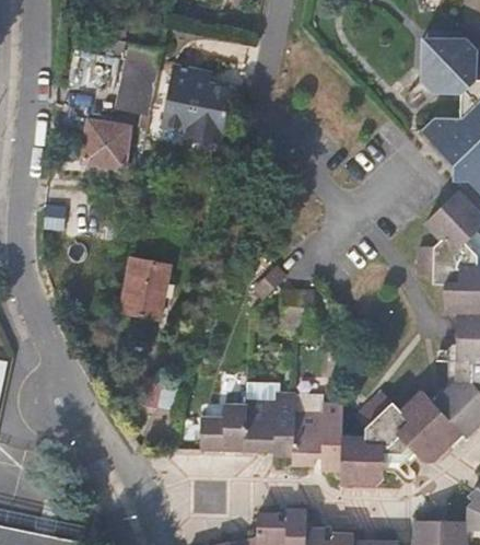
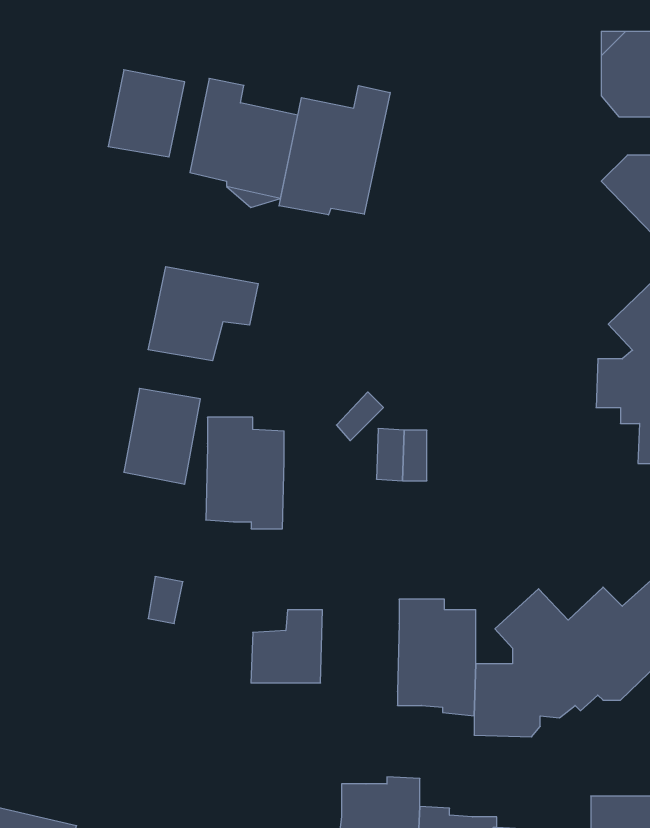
building: none -> [279,86,390,215]
building: [82,123,130,171] -> none
building: none -> [148,267,258,361]
building: [245,384,294,454] -> [206,417,284,529]

